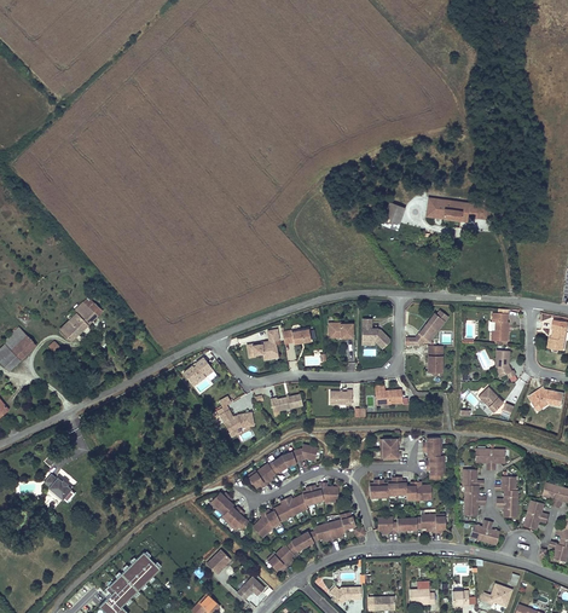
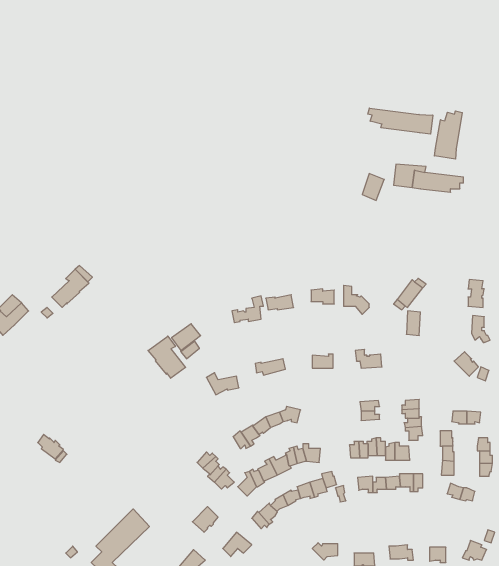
building: none -> [368,108,433,134]
building: none -> [434,111,462,159]
building: none -> [148,336,186,378]

